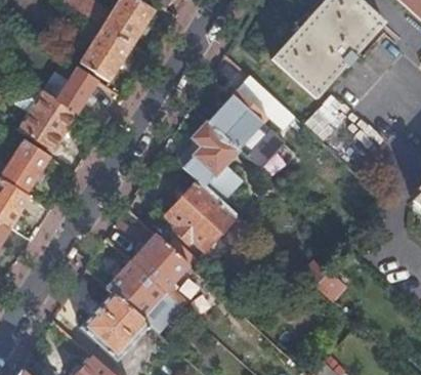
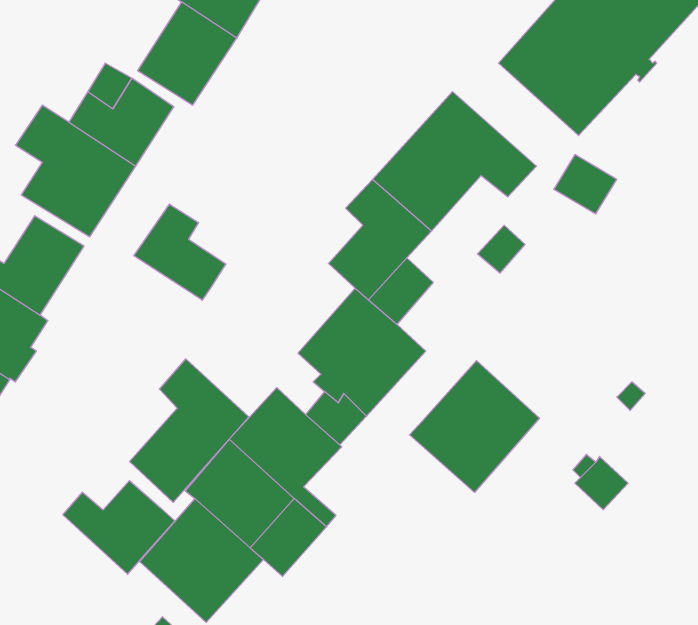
building: none -> [134,204,226,300]
building: none -> [130,359,249,502]
building: none -> [409,361,539,492]
building: none -> [63,481,175,574]

